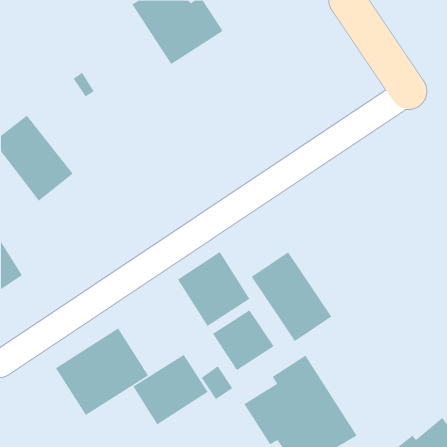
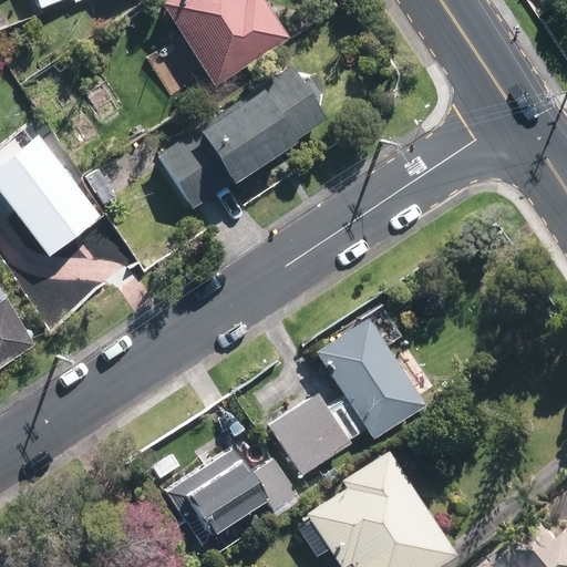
building: none -> [171,78,322,204]
building: [177,251,250,327] -> none
building: [55,328,149,416] -> none

